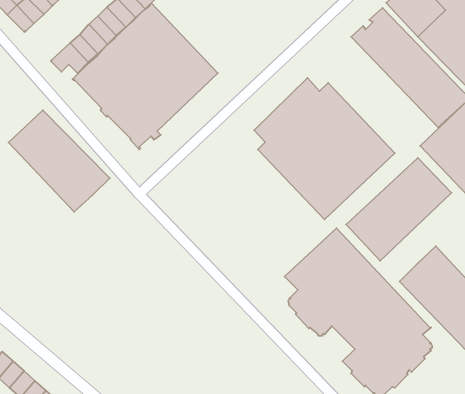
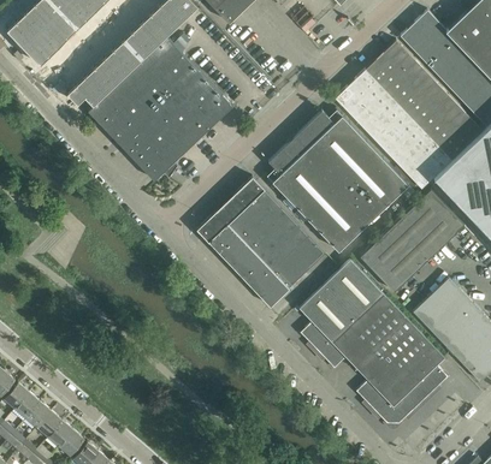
building: none -> [335,70,451,189]
building: [8,110,110,212] -> none
building: none -> [196,177,325,307]

